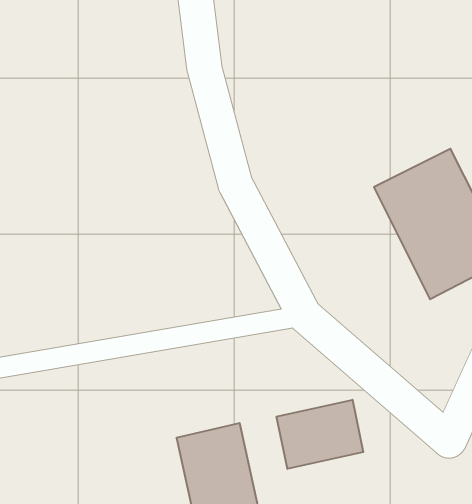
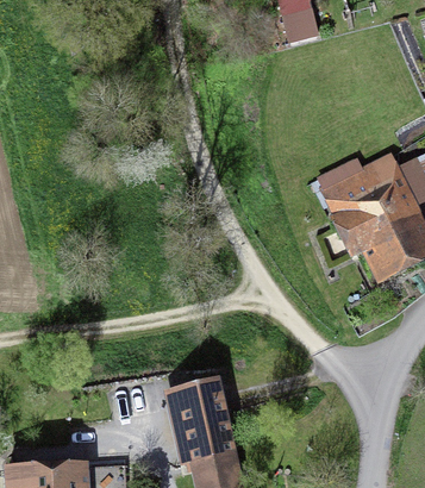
building: [277,400,363,469] -> none

